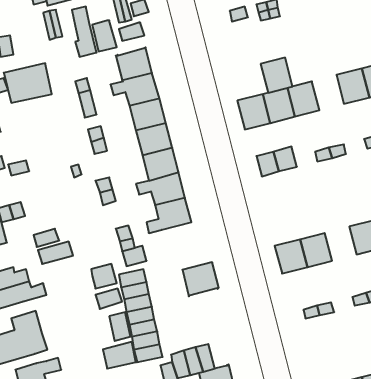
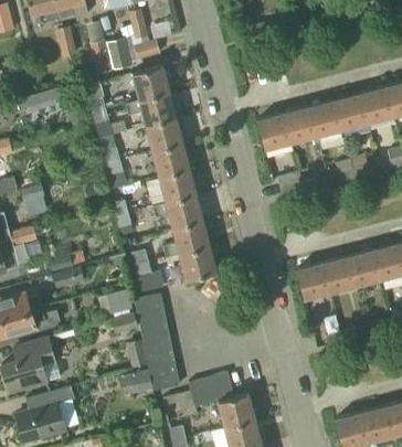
building: [261,58,293,93] -> [335,94,368,130]
building: none -> [348,251,381,286]
building: [182,262,219,296] -> [179,246,216,281]

